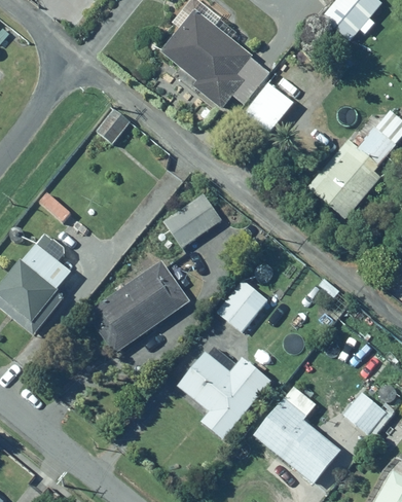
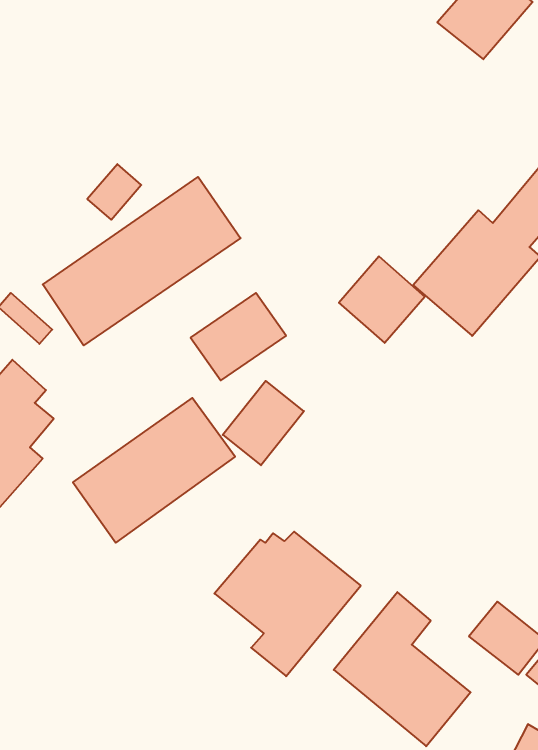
building: [161,8,296,135] -> none
building: none -> [43,177,241,345]
building: none -> [339,256,425,343]
building: [215,278,267,332] -> [223,381,304,465]

